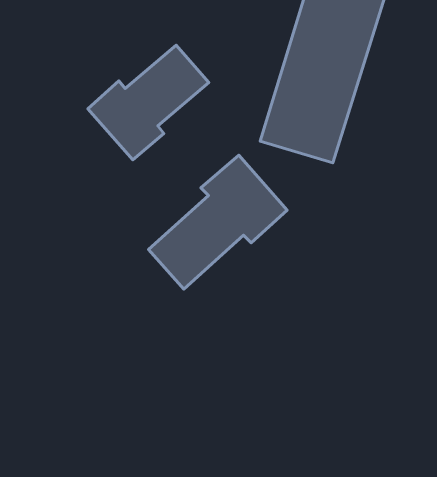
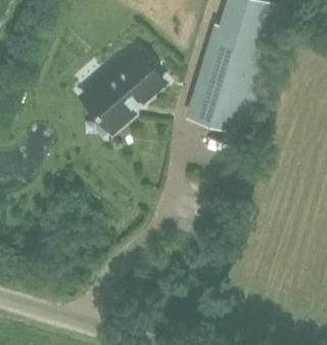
building: [149,155,287,289] -> none

